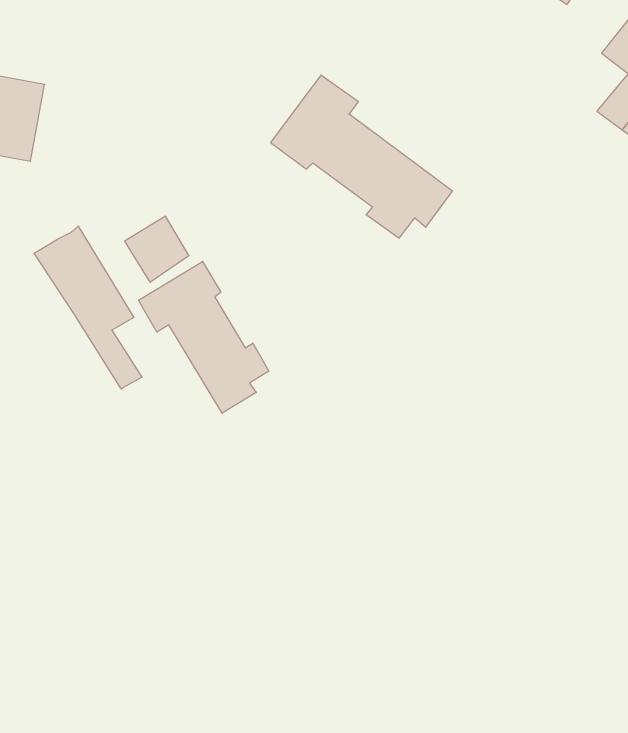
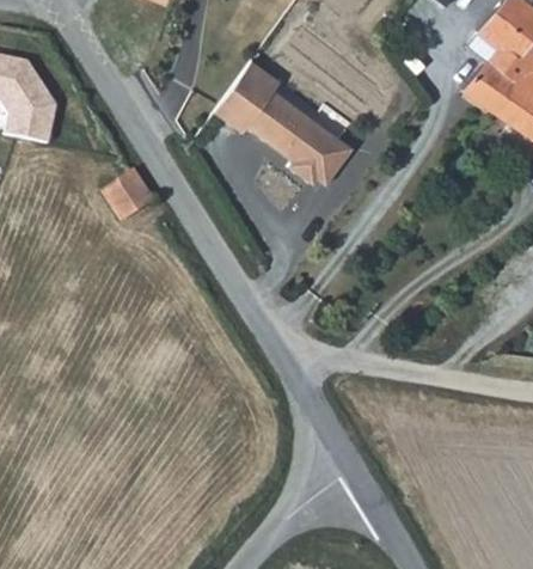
building: [34,226,142,389] -> none
building: [139,261,269,413] -> none

